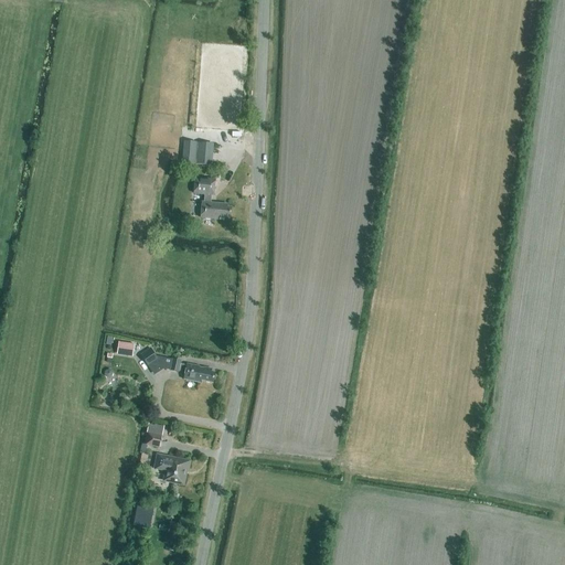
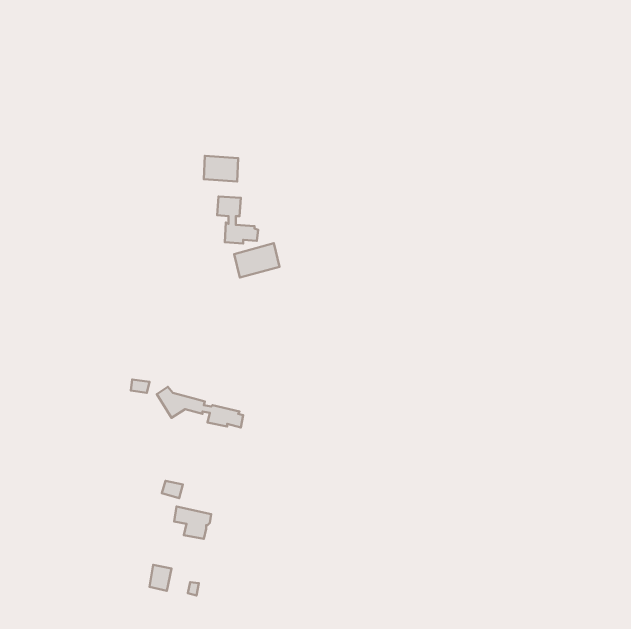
building: none -> [234,243,280,278]

